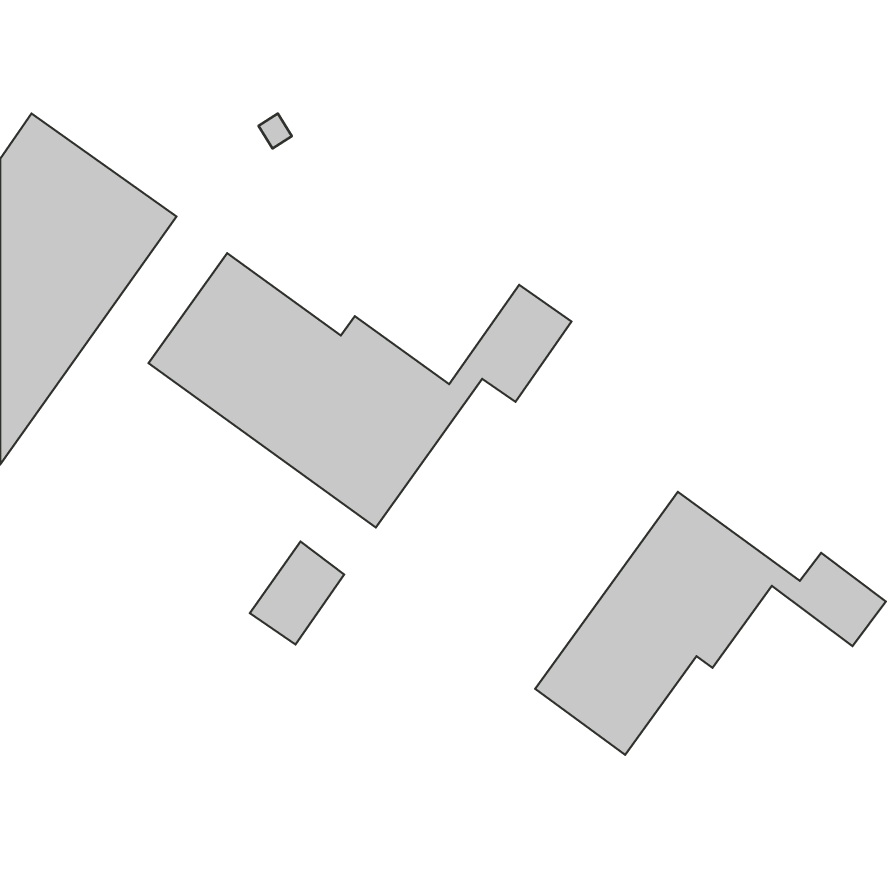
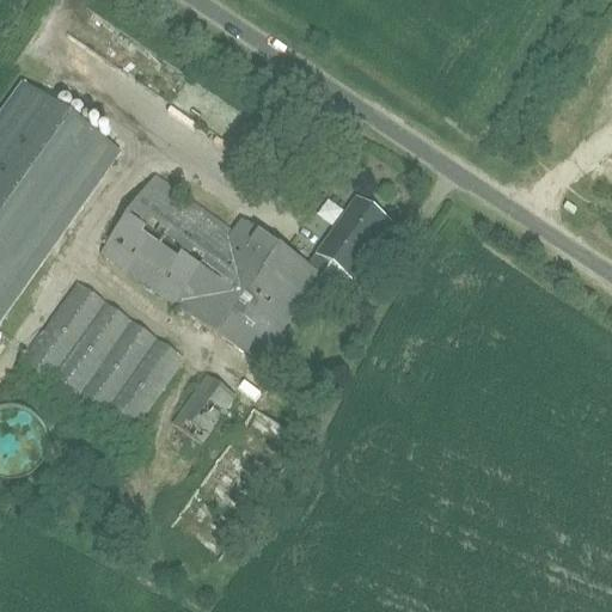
building: none -> [24,282,182,434]
building: [535,492,886,755] -> none

